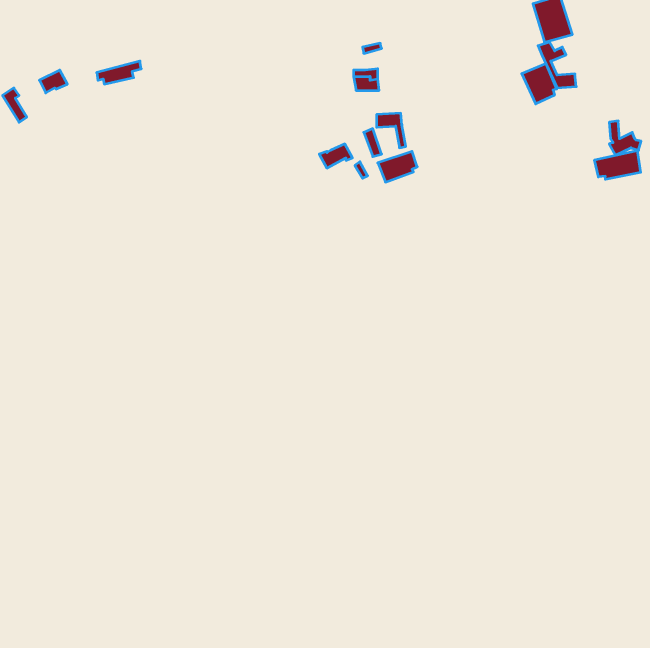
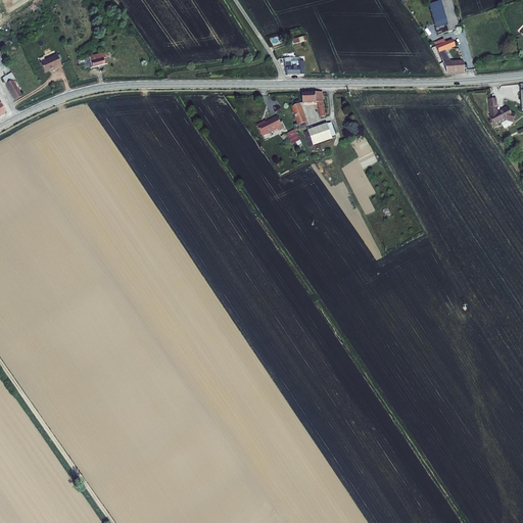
building: [522,64,557,104] -> none
building: [595,151,641,179] -> none

